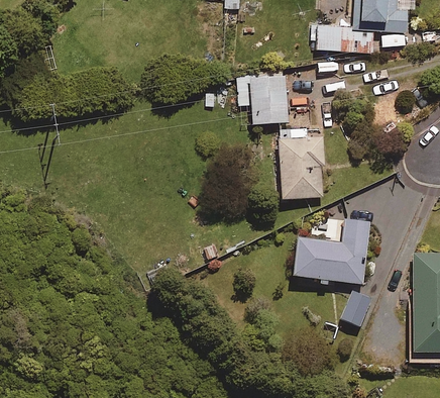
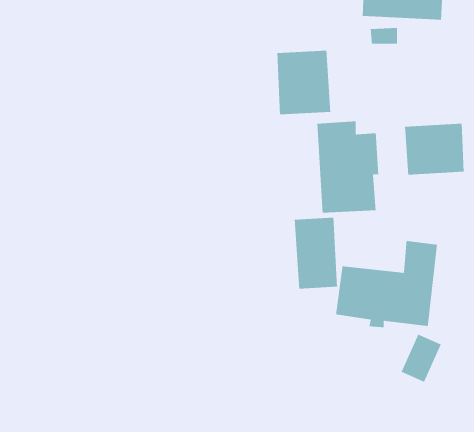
building: none -> [404,123,464,175]
building: none -> [294,217,338,290]

